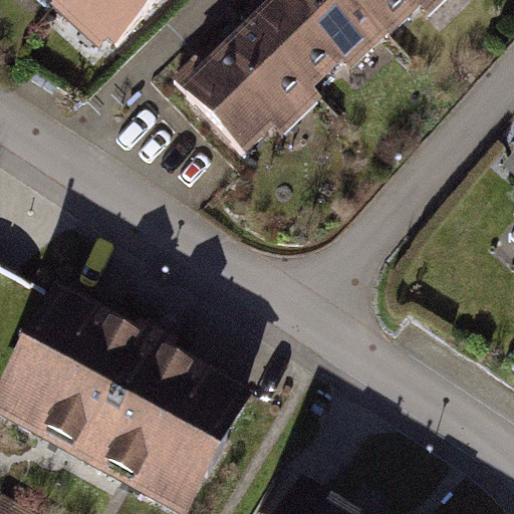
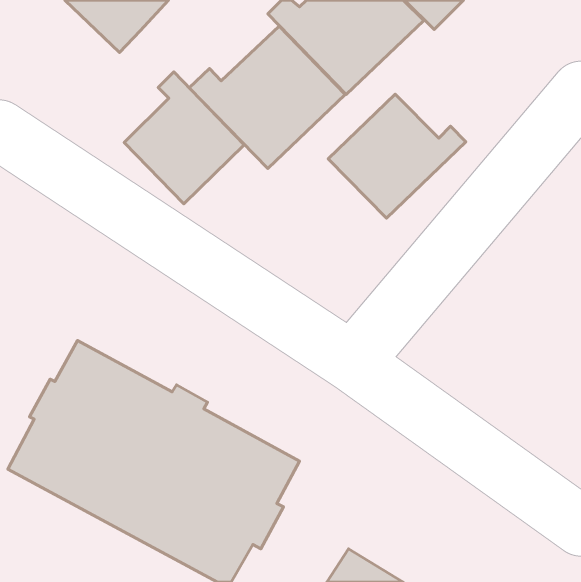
building: none -> [124,72,244,204]
building: none -> [328,94,466,218]

